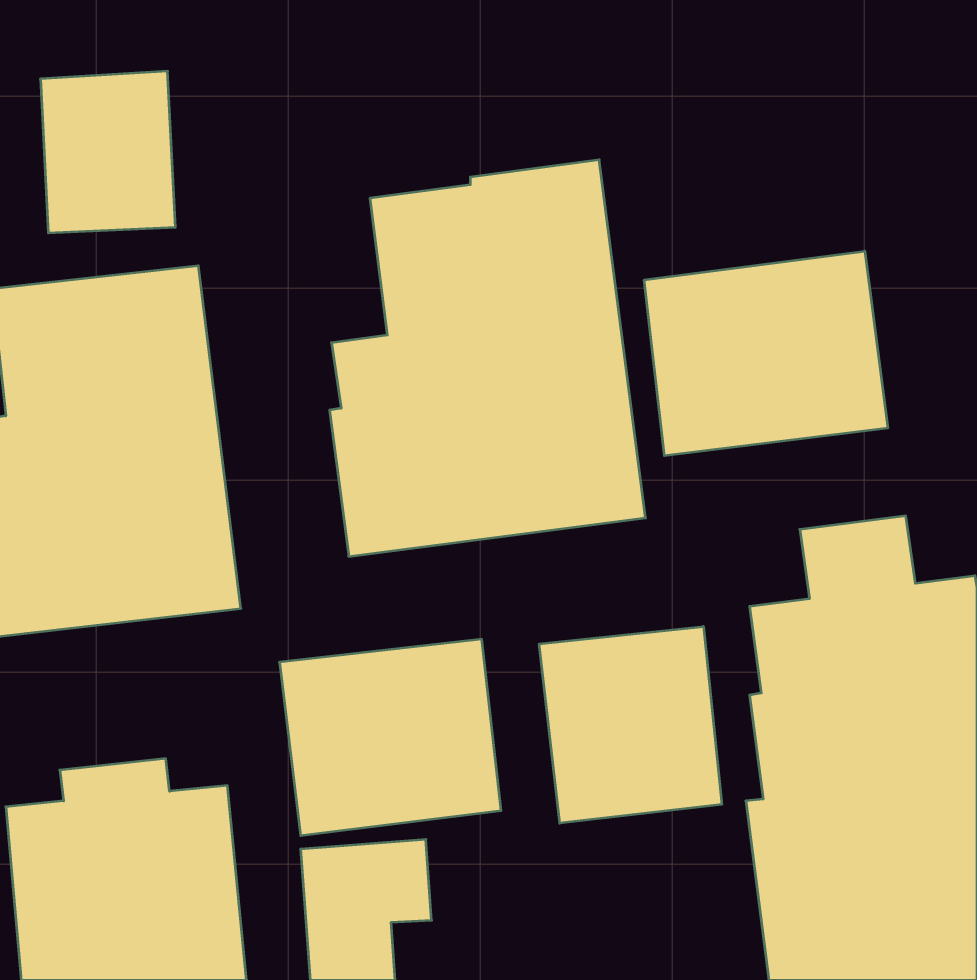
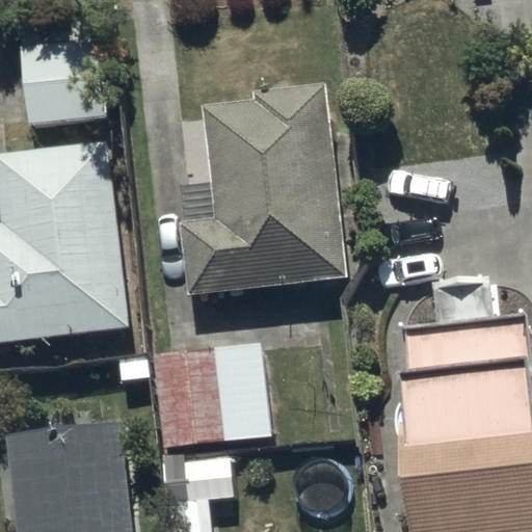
building: [644,251,888,456] -> none
building: [539,626,722,823] -> none

